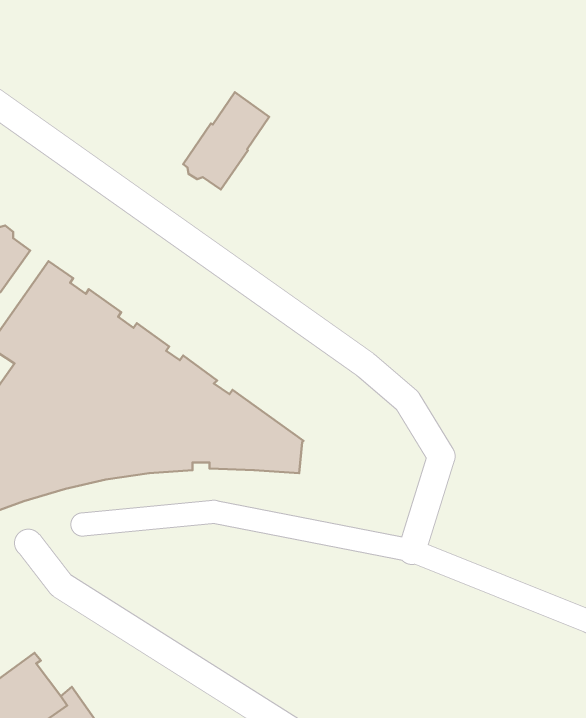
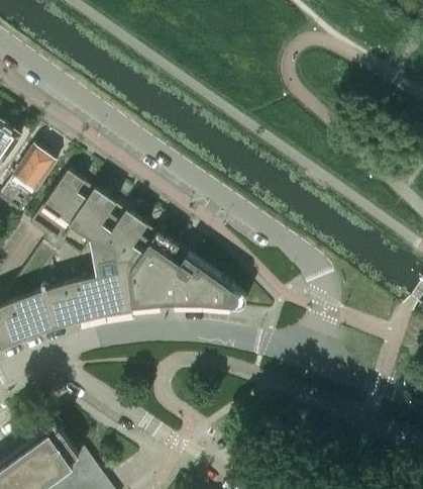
building: [183,92,269,189] -> none

